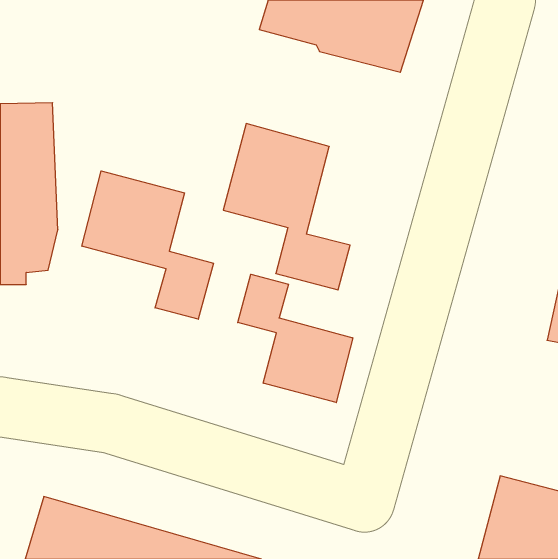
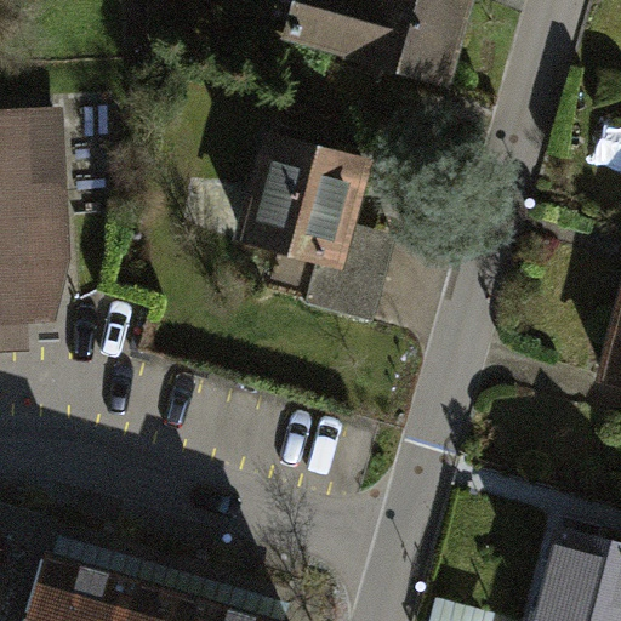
building: [82,171,213,319] -> none
building: [238,274,353,403] -> none

